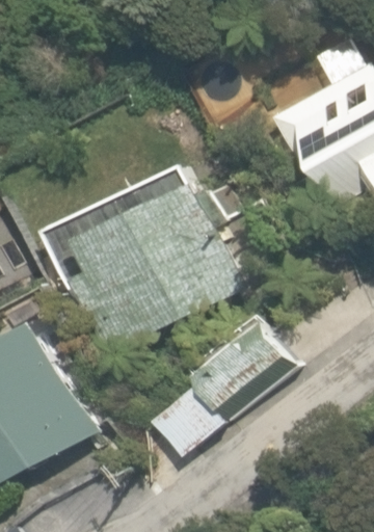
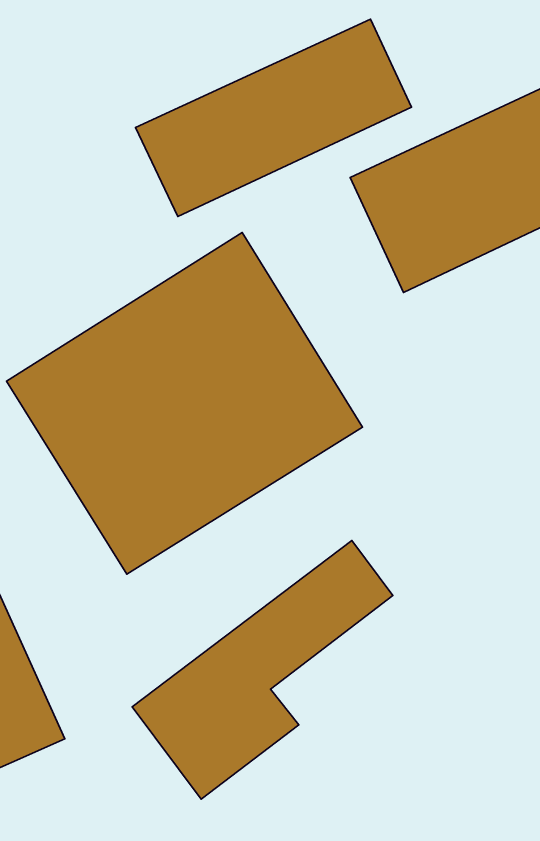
building: none -> [136,19,412,216]

